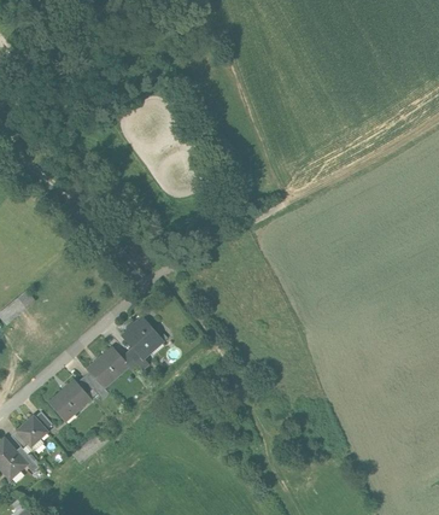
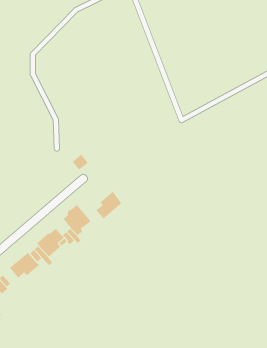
building: none -> [96,191,123,219]

